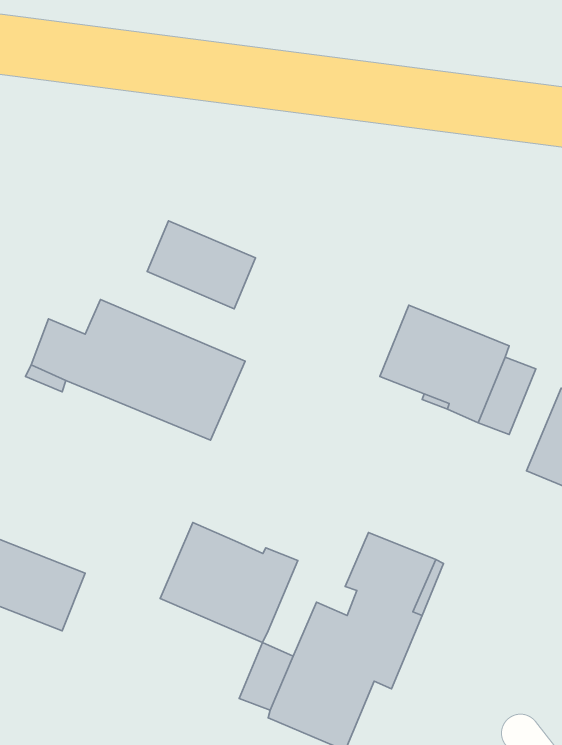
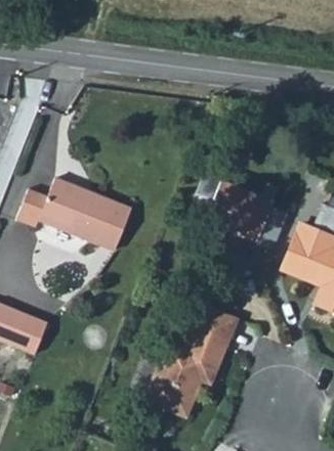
building: [147,221,255,309] -> none
building: [160,522,298,643] -> none

